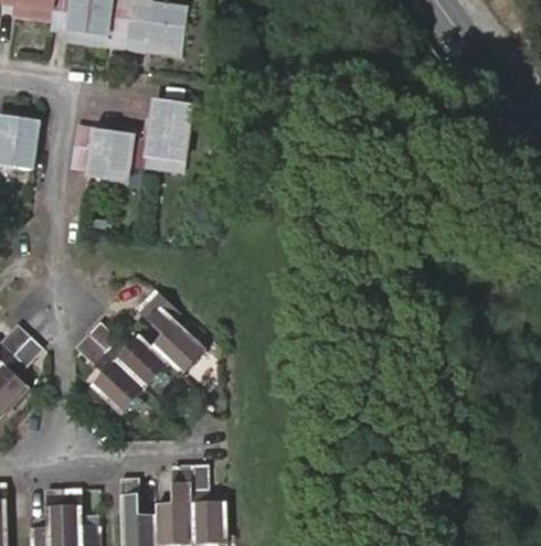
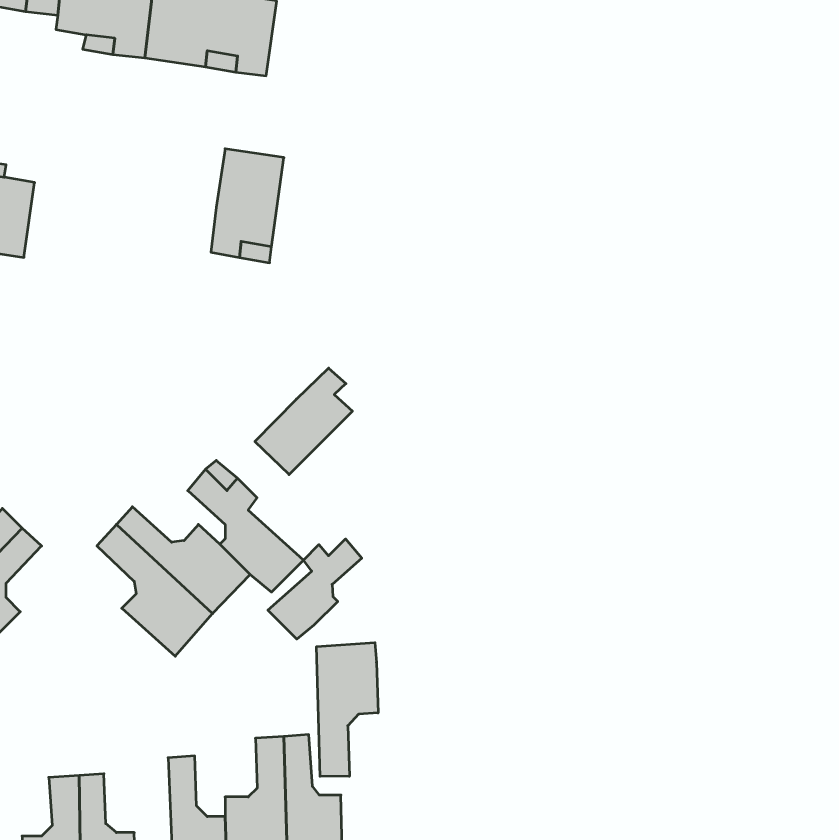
building: [73,127,132,181] -> none
building: none -> [255,368,352,475]
building: none -> [268,539,362,639]
building: none -> [317,643,378,776]

